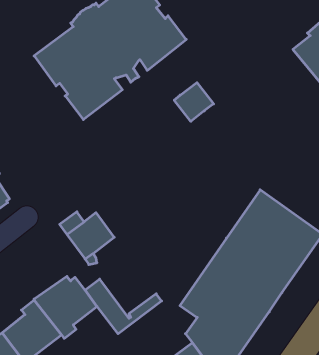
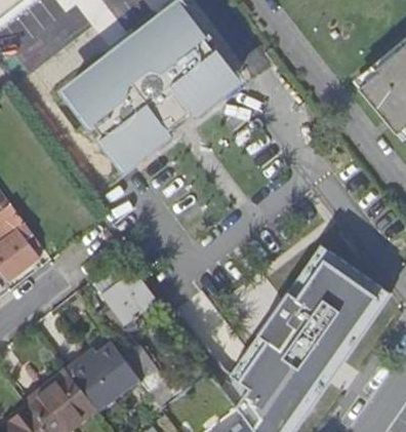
building: [174,83,214,121] -> none

